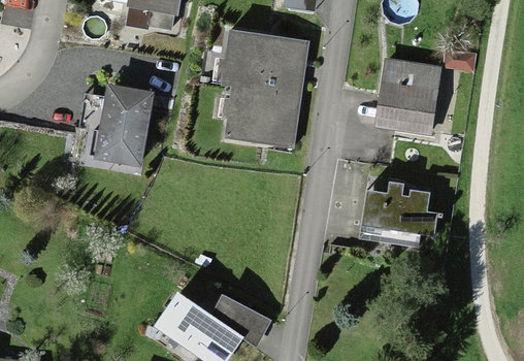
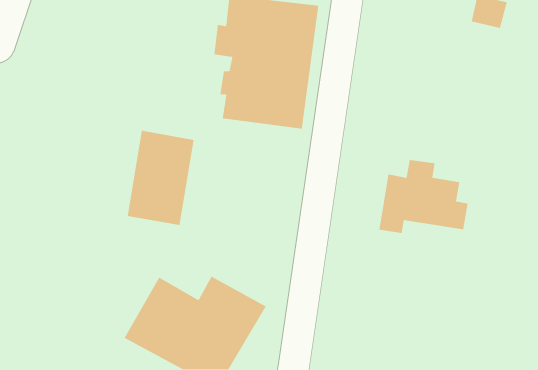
building: [368,54,445,144] -> none
building: [93,83,152,166] -> [127,130,194,226]

